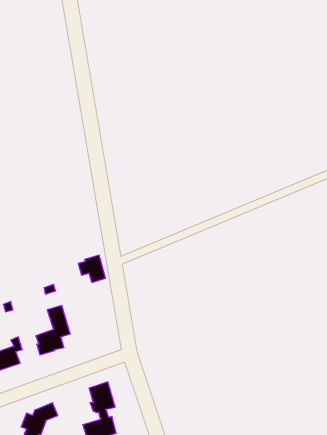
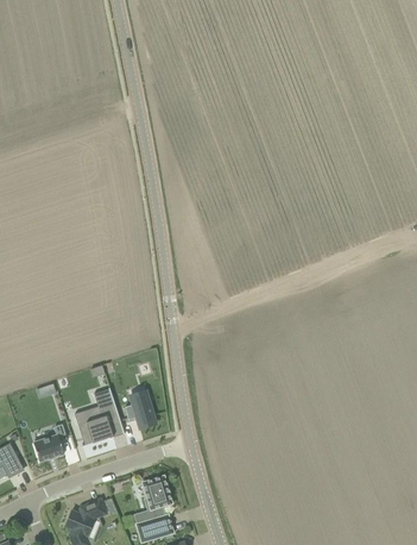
building: [78,255,105,282] -> [125,397,156,428]

